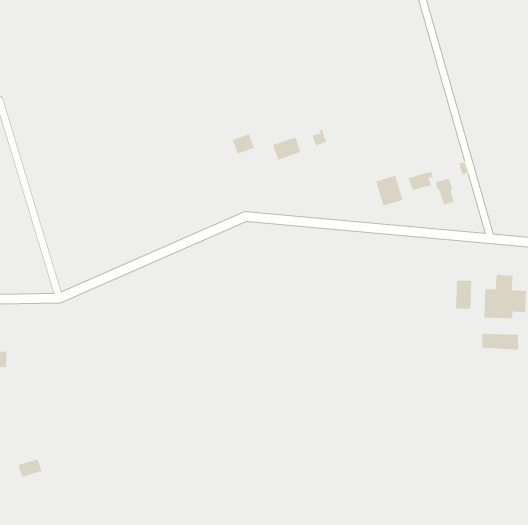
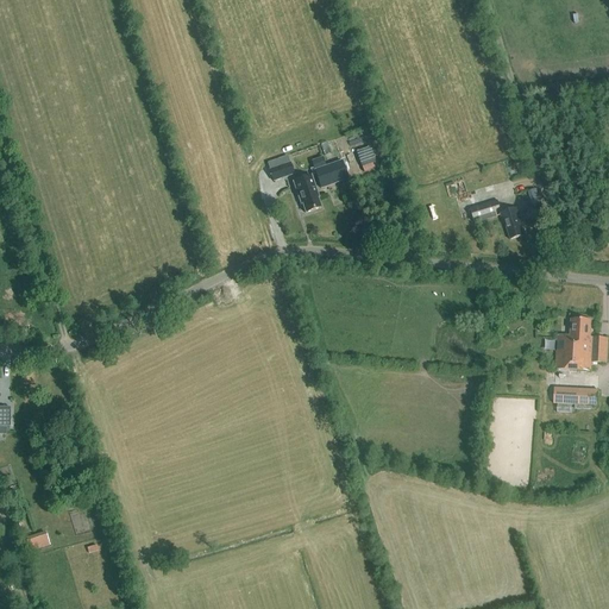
building: none -> [290,172,318,209]
building: [376,175,403,206] -> none
building: [456,280,472,309] -> none

